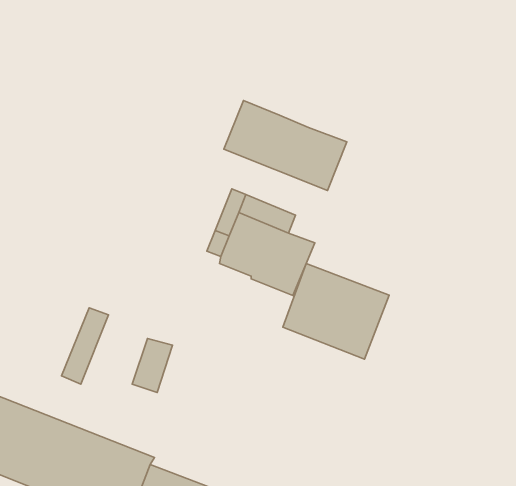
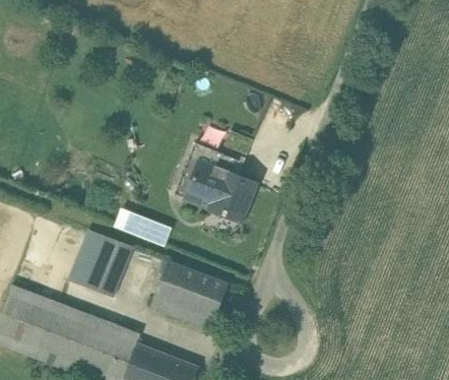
building: [224,101,347,191] -> none
building: [283,263,389,359] -> [150,259,229,329]
building: none -> [112,205,172,244]
building: none -> [84,235,133,296]

